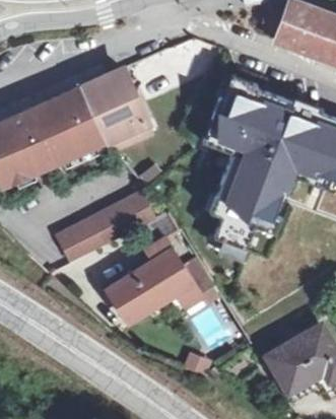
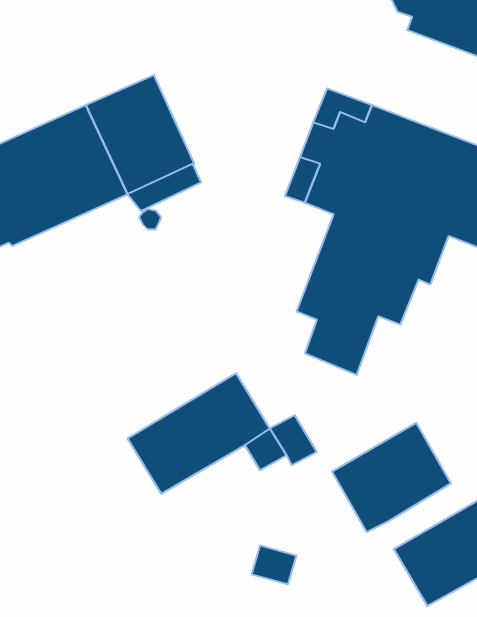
building: [58,194,155,264] -> none
building: none -> [332,423,451,532]

